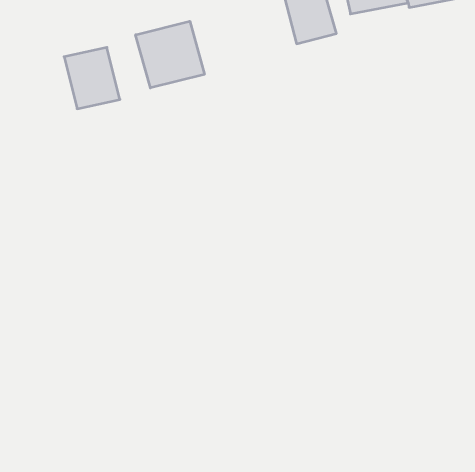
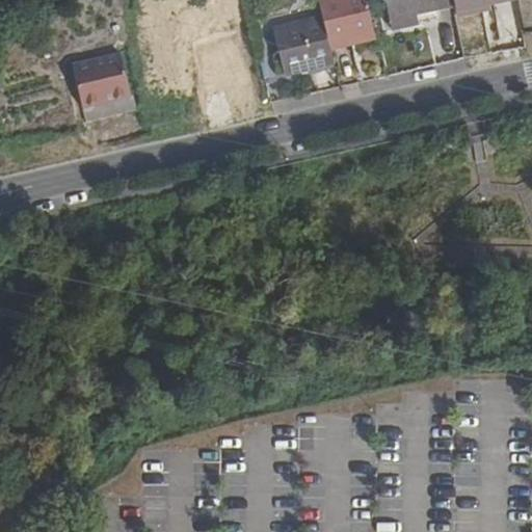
building: none -> [270,16,332,75]
building: [136,21,204,88] -> none

